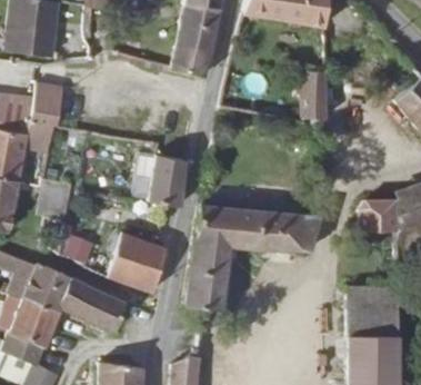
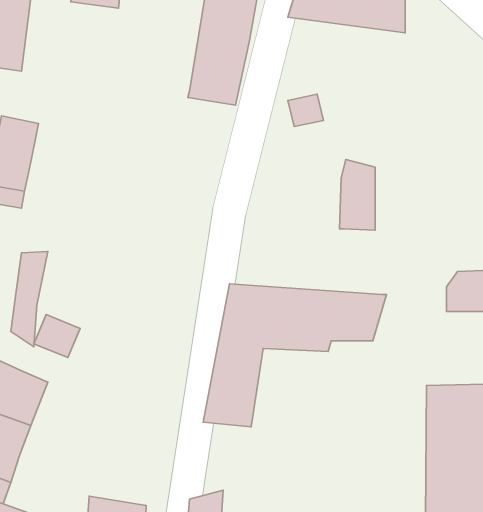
building: [301,63,327,115] -> [340,159,375,230]
building: [149,156,190,208] -> none
building: [86,235,168,292] -> none
building: [58,279,126,332] -> none

